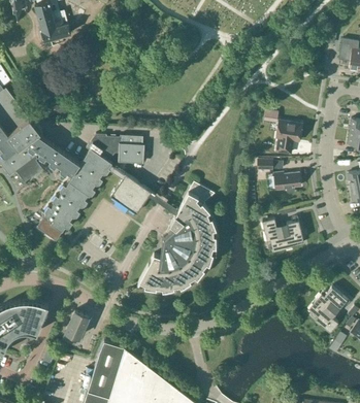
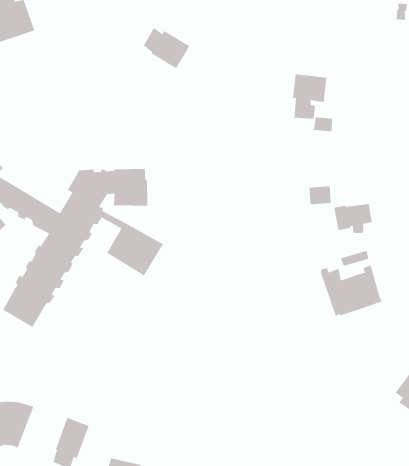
building: none -> [143,27,190,69]
building: [275,121,301,154] -> [292,74,327,119]
building: [137,181,216,292] -> none

